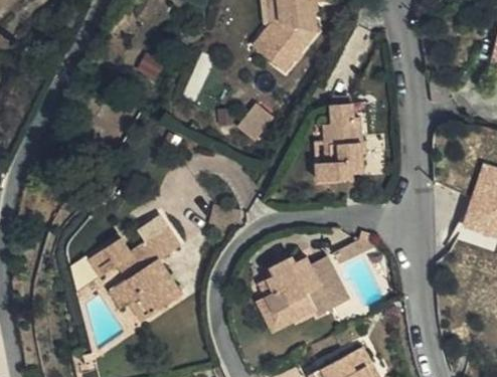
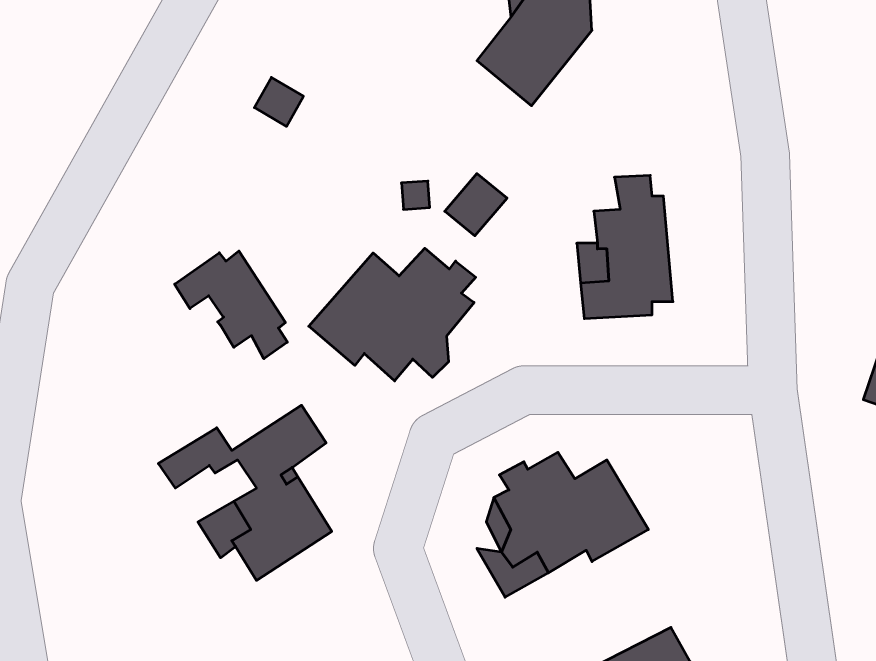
building: none -> [309,248,476,381]
building: none -> [175,251,287,359]

